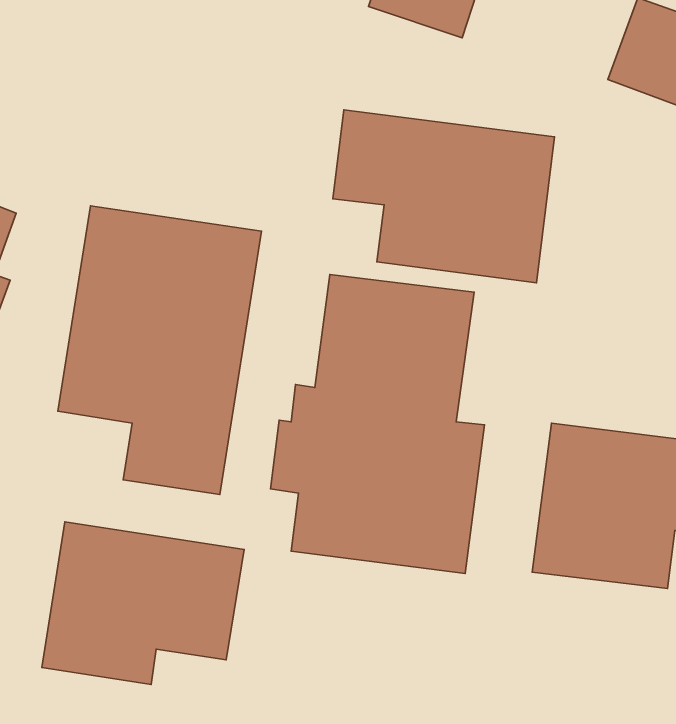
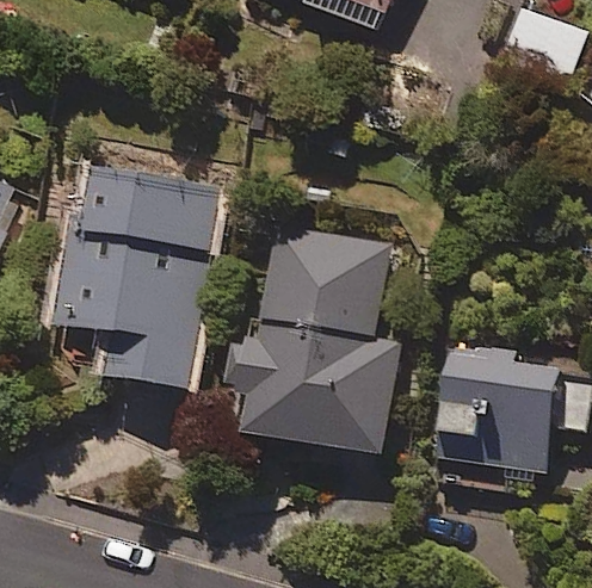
building: [333,110,554,283] -> none
building: [42,522,244,684] -> none

